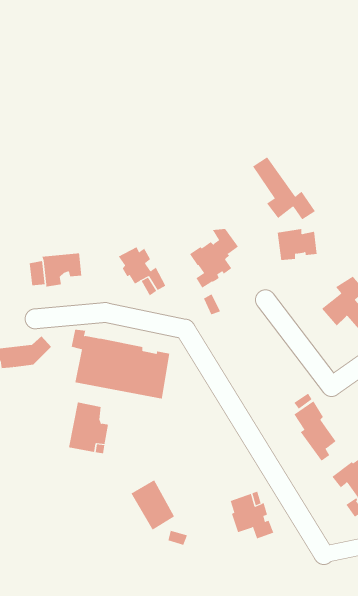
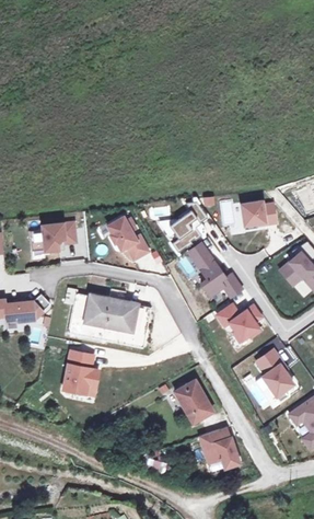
building: [252,156,316,220] -> [189,242,244,297]
building: none -> [218,303,263,341]
building: [130,480,175,531] -> [175,379,213,423]

